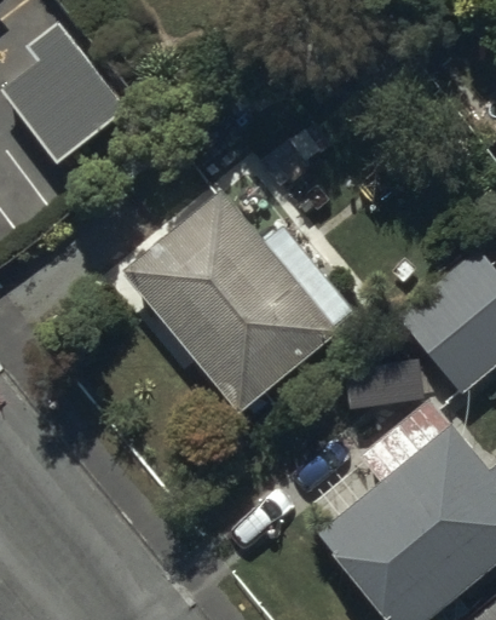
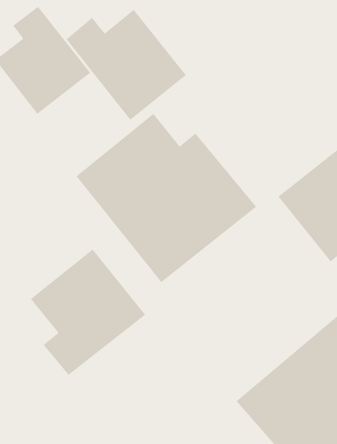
building: none -> [66,9,187,121]
building: none -> [30,249,146,376]

